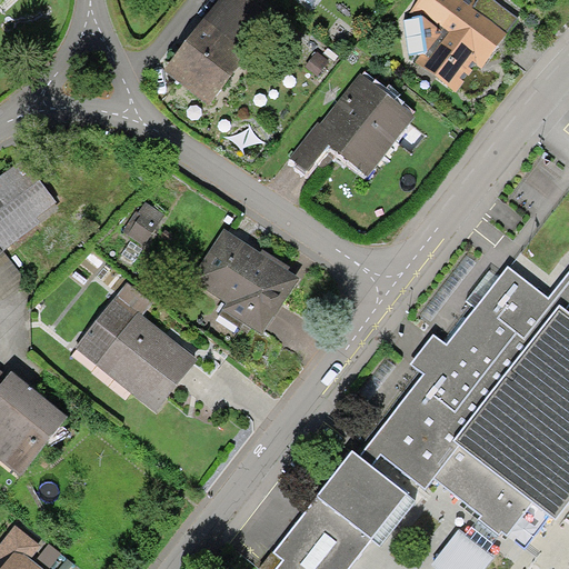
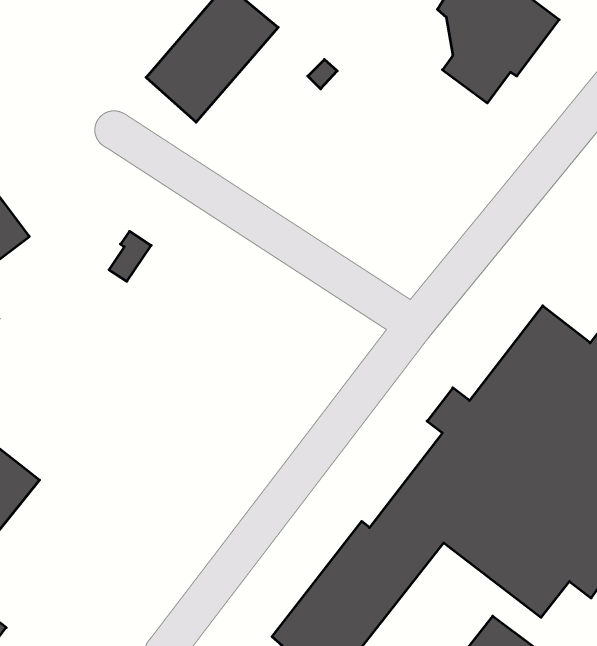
building: [291,71,427,178] -> none
building: [193,229,298,335] -> none
building: [73,281,199,413] -> none

